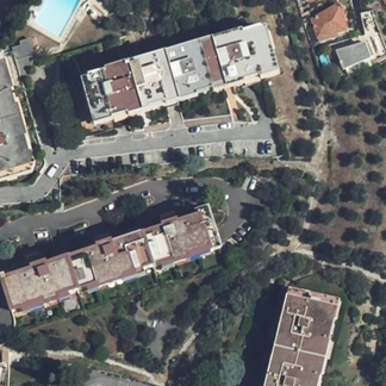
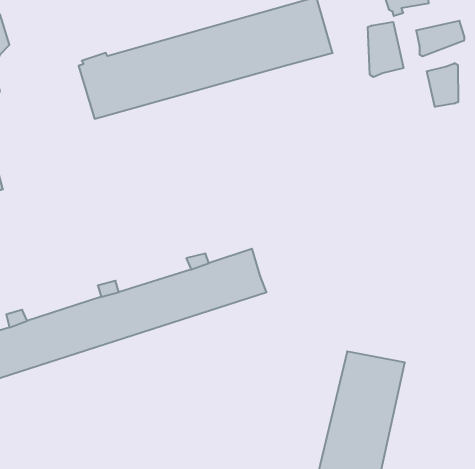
building: none -> [368,22,403,77]
building: none -> [427,63,458,107]

